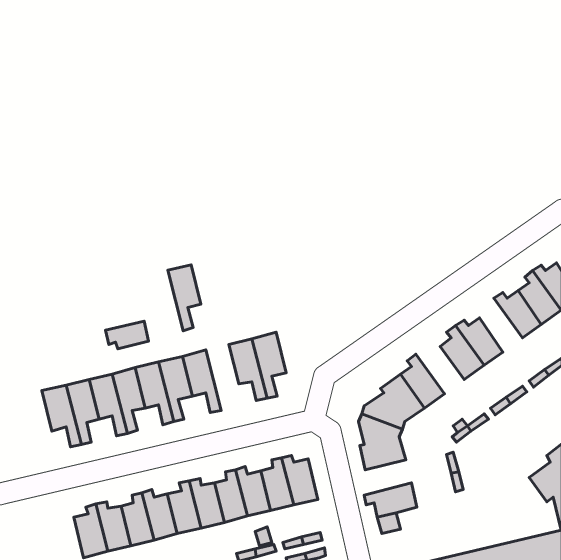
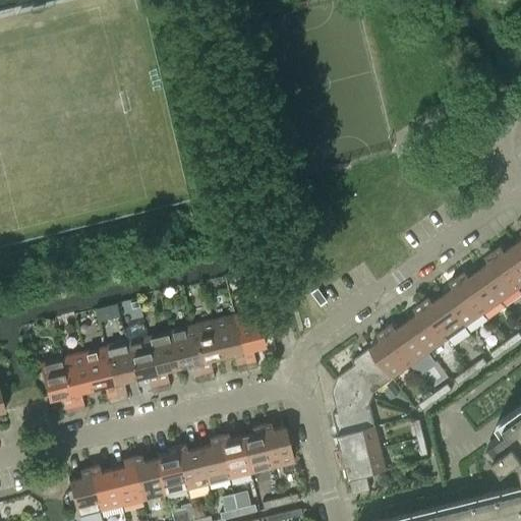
building: [168,265,201,331] -> [191,321,222,382]
building: none -> [445,278,484,328]
building: none -> [386,323,430,366]
building: none -> [336,427,382,460]

